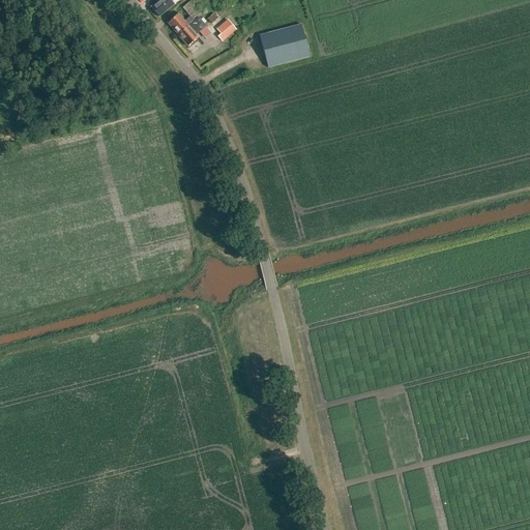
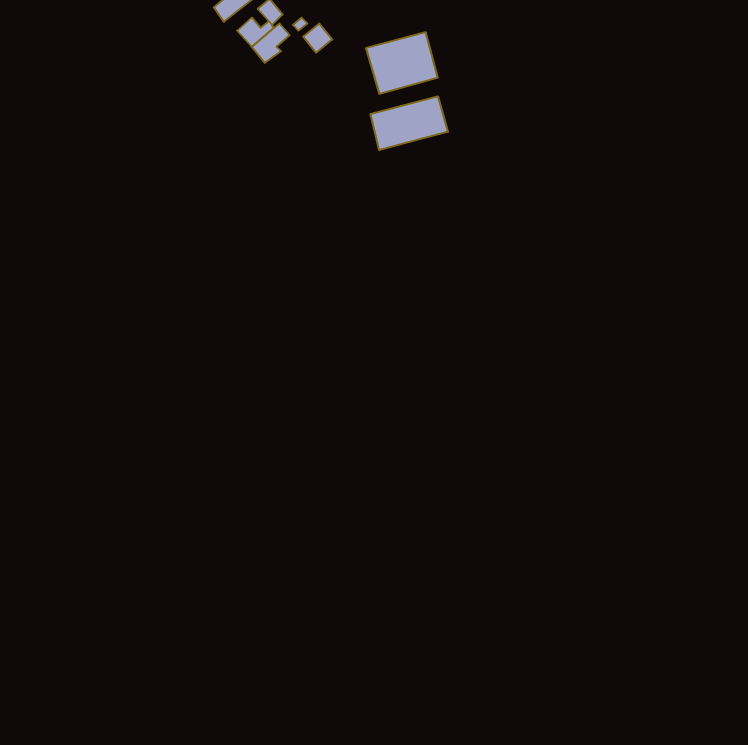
building: none -> [371,96,448,150]

